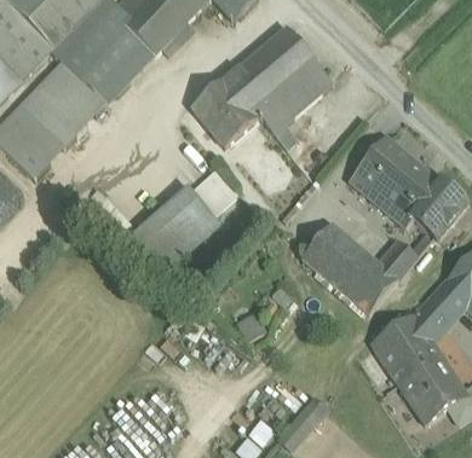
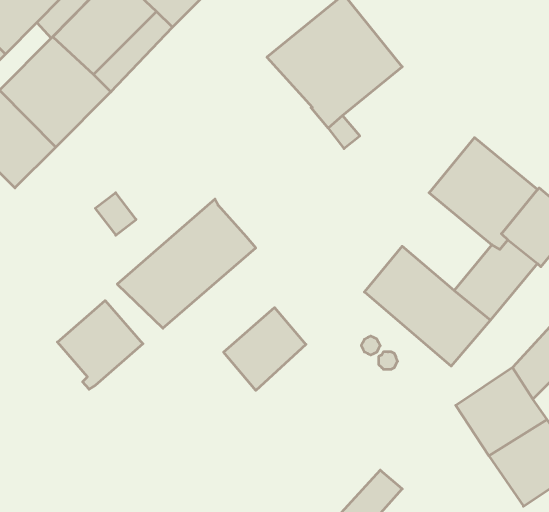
building: [191,76,261,145] -> none
building: [189,168,235,214] -> none
building: none -> [57,301,143,389]
building: none -> [224,308,306,390]

